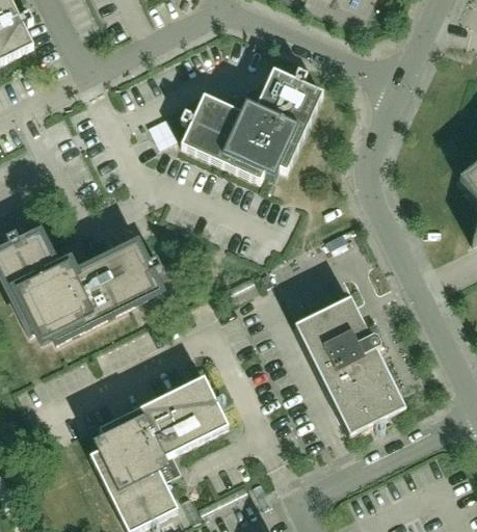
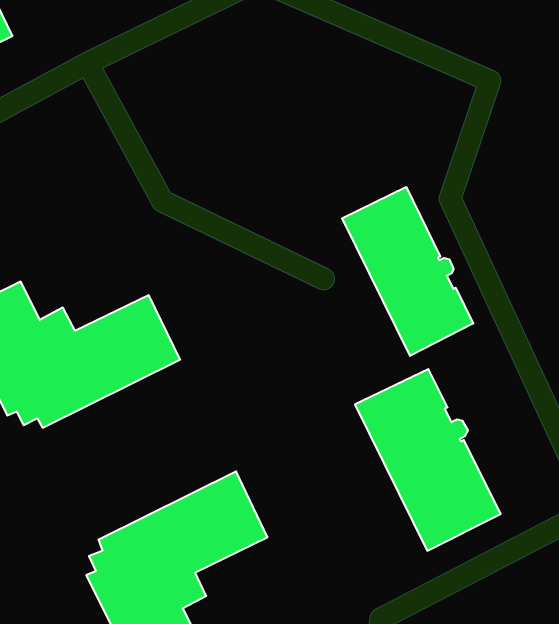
building: [181,68,322,180] -> none
building: none -> [342,187,473,356]

